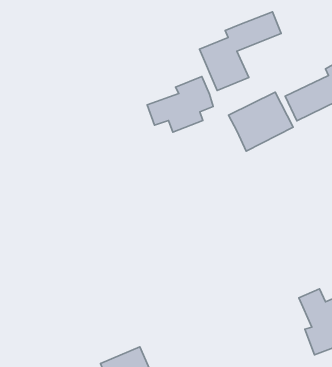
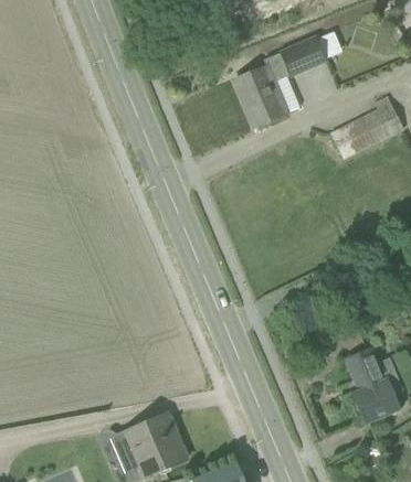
building: [147,76,213,132] -> none
building: [229,92,293,151] -> none

